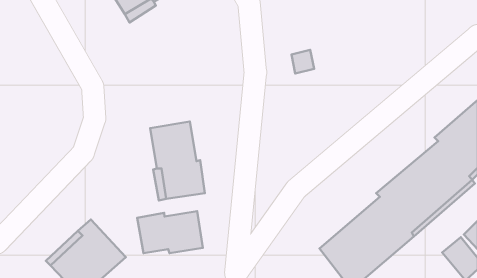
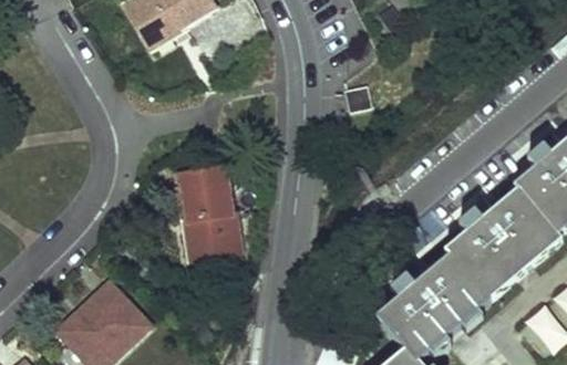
building: [137,211,203,253] -> none

